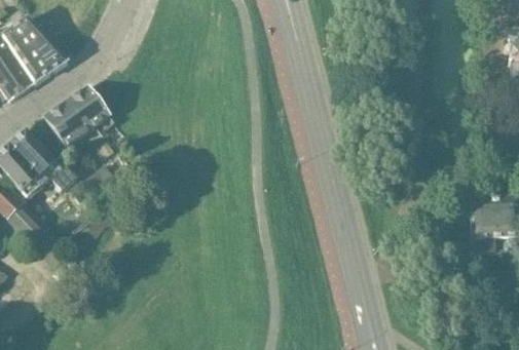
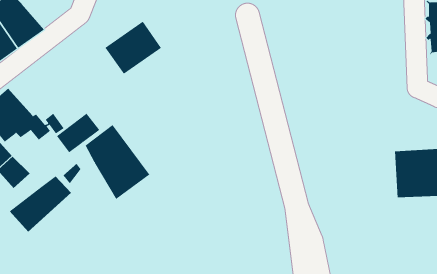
building: [44,84,110,146] -> [105,21,162,75]
building: none -> [85,124,150,200]
building: none -> [9,176,72,233]

